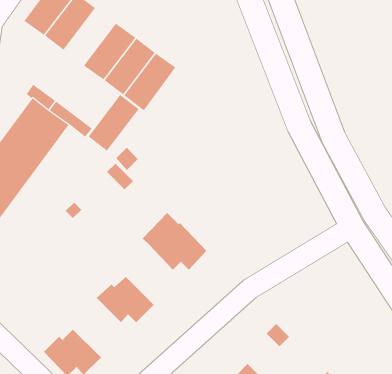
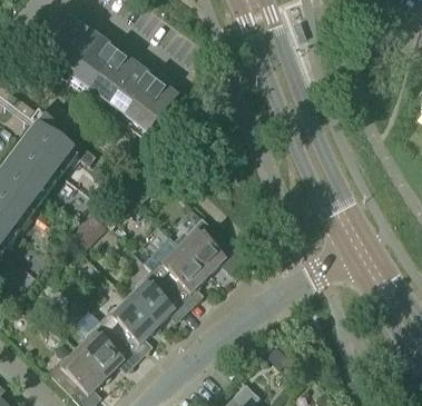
building: [88,94,139,151] -> [68,38,118,93]
building: none -> [180,216,234,274]
building: none -> [128,268,174,326]
building: none -> [76,308,124,377]

